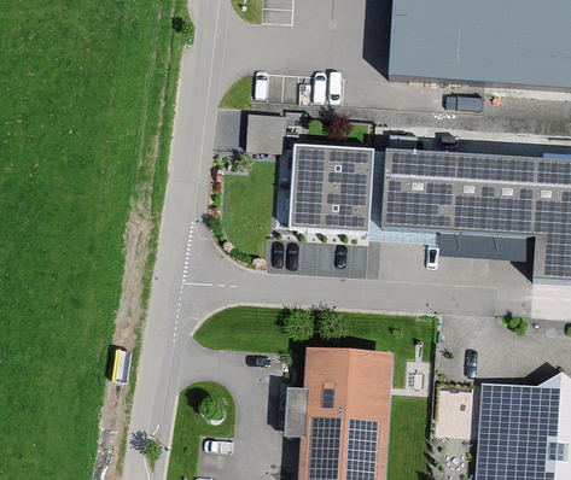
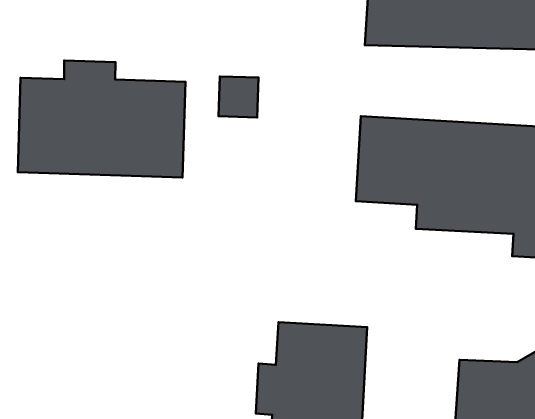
building: none -> [18,60,185,177]
building: [290,142,374,230] -> none

